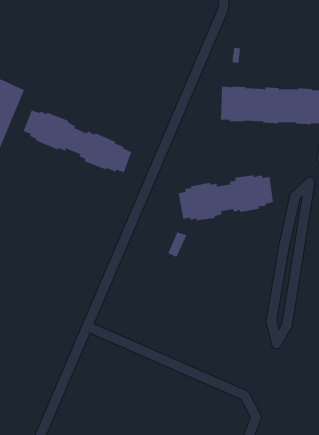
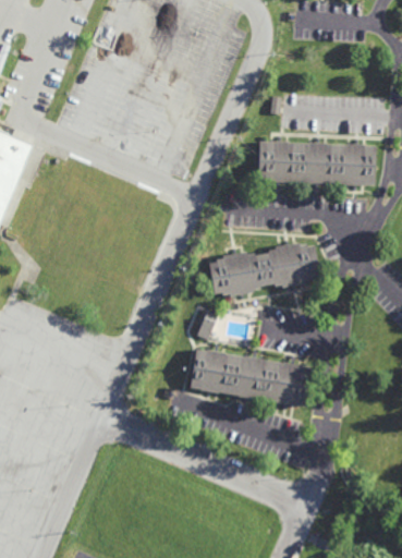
building: [23,109,132,173] -> none
building: none -> [188,349,310,407]

